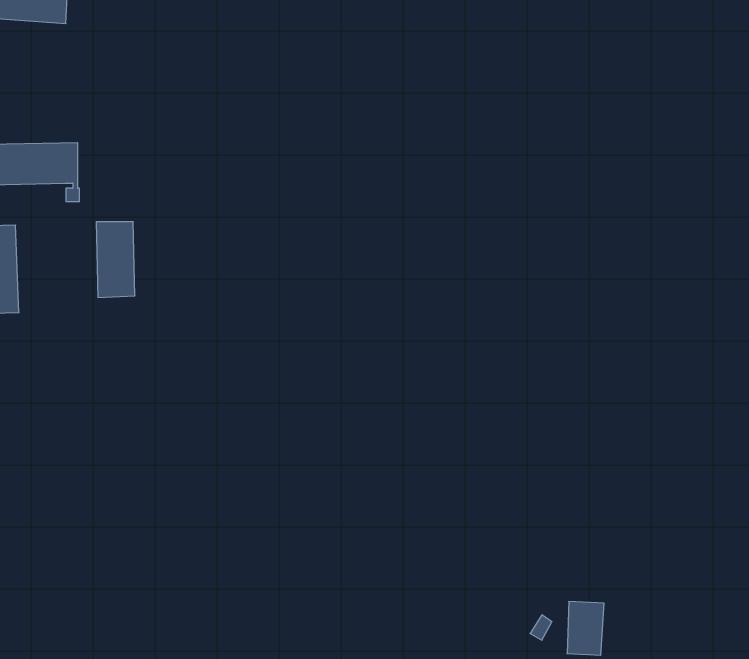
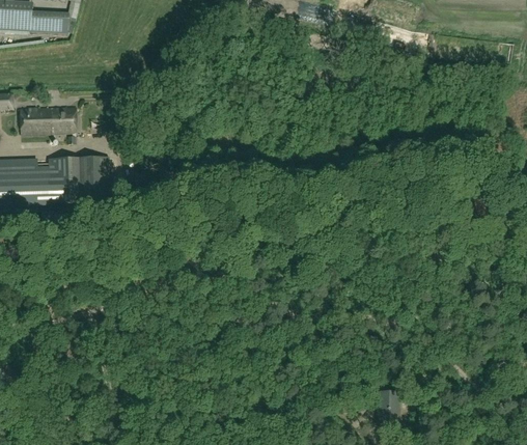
building: none -> [46,157,70,202]

